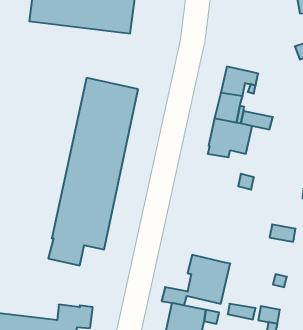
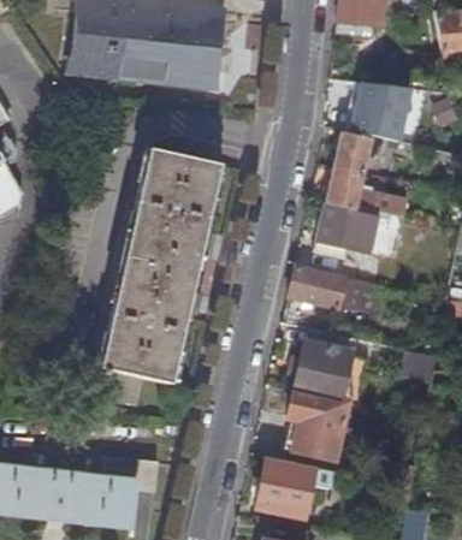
building: none -> [356,75,417,138]
building: none -> [289,267,354,309]
building: none -> [295,342,353,403]

